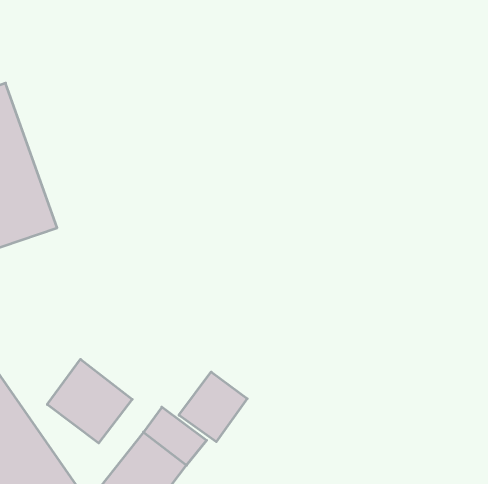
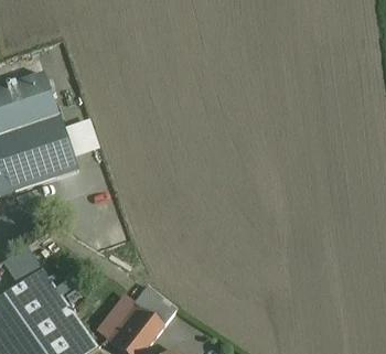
building: [47,359,132,443] -> none
building: [179,372,247,442] -> none

